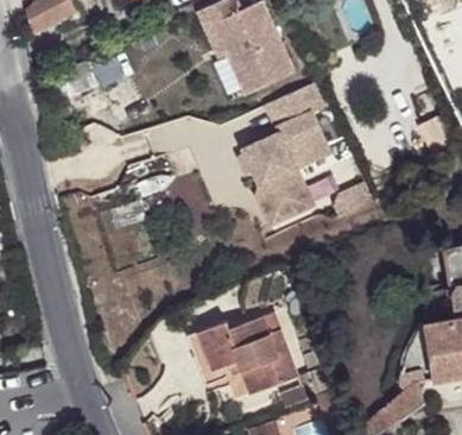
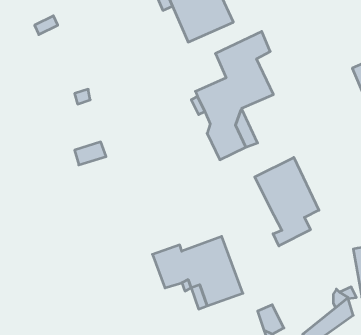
building: none -> [255,157,319,246]

